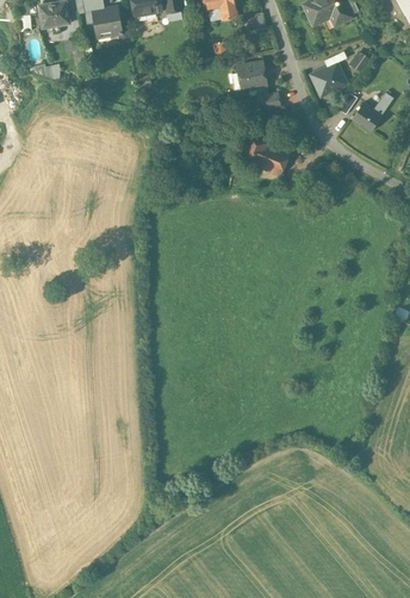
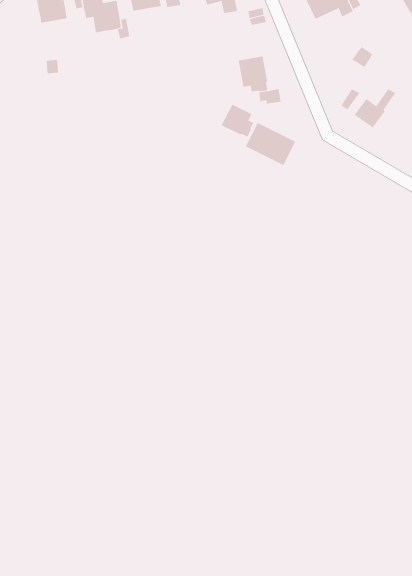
building: [311,63,347,96] -> none
building: none -> [221,104,254,137]

